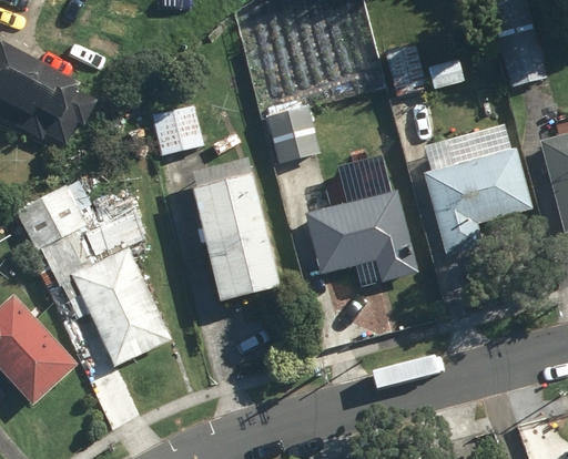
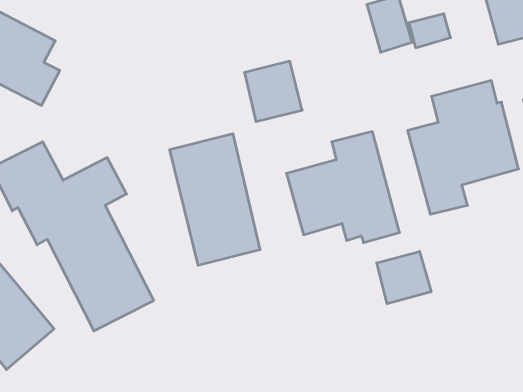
building: [151,103,205,155] -> none
building: none -> [377,251,431,304]

